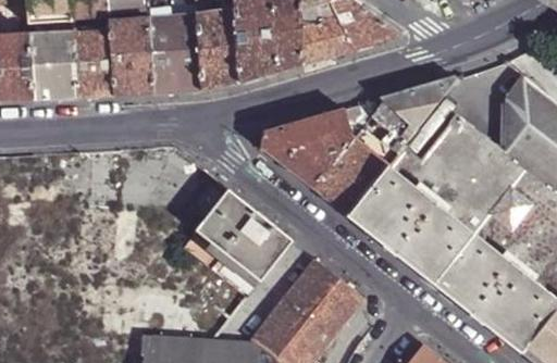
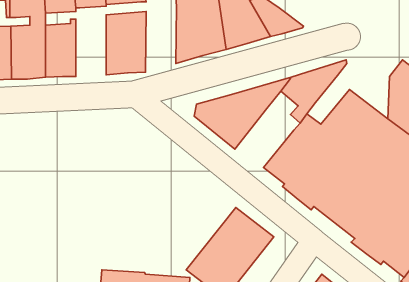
building: [201,9,240,91] -> none
building: [114,20,152,97] -> none
building: [313,137,387,214] -> none
building: [183,190,292,298] -> none

